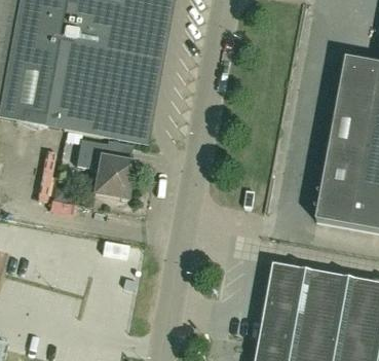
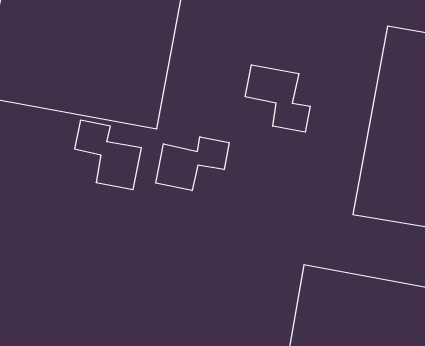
building: none -> [245,65,310,132]
building: none -> [156,137,229,191]

